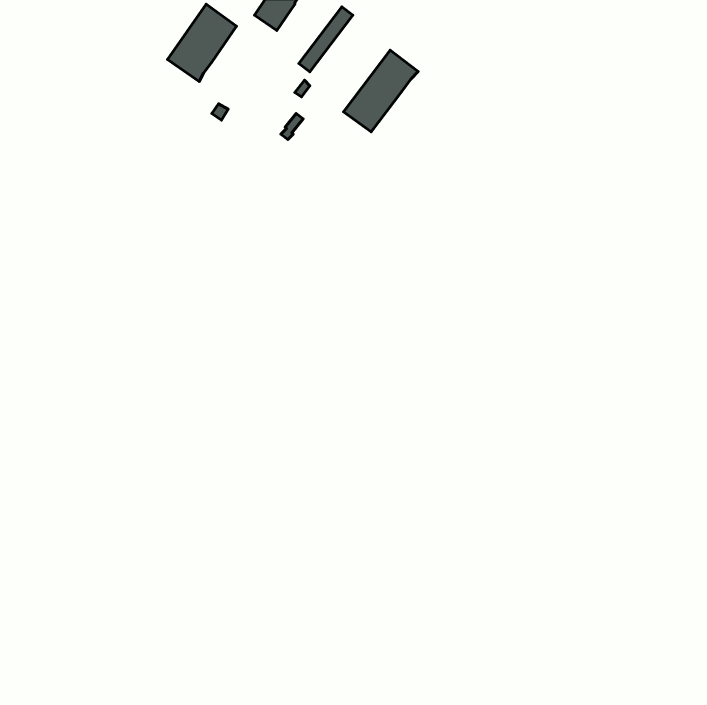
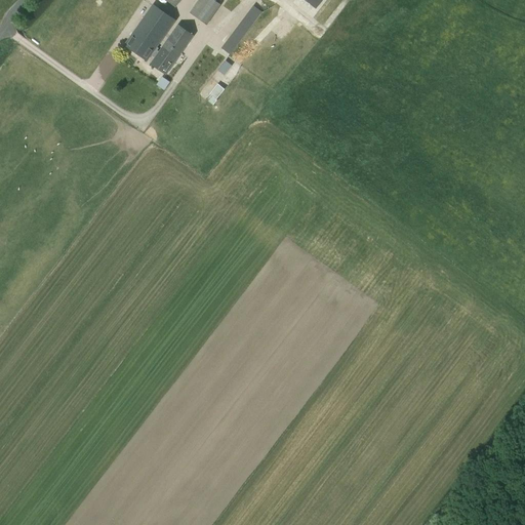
building: none -> [151,25,193,73]
building: [343,50,418,132] -> none

